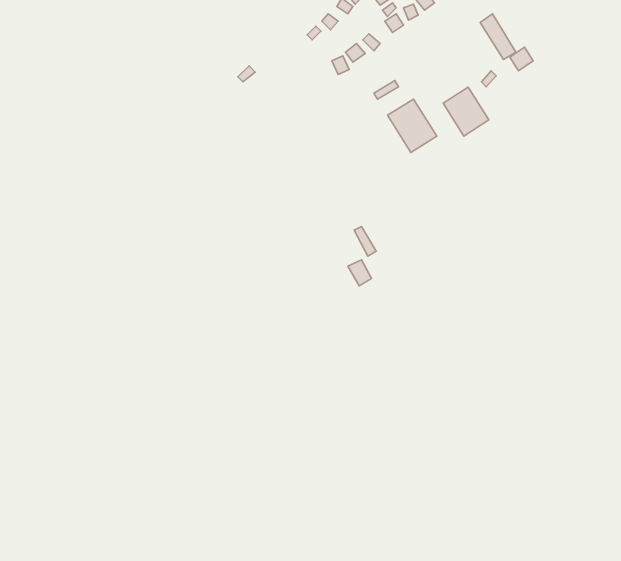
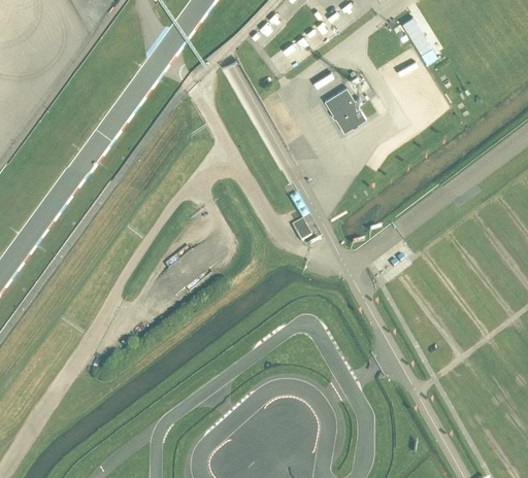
building: [443,87,489,136] -> none

